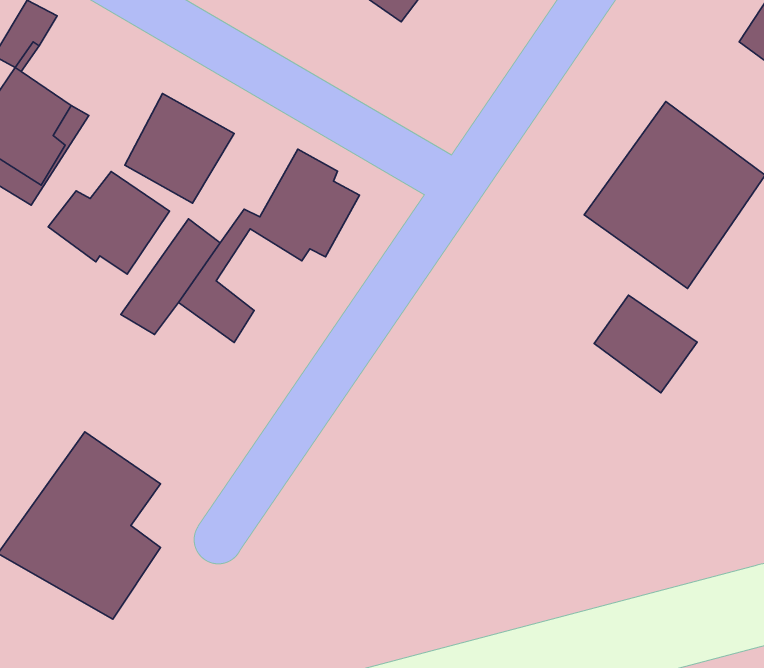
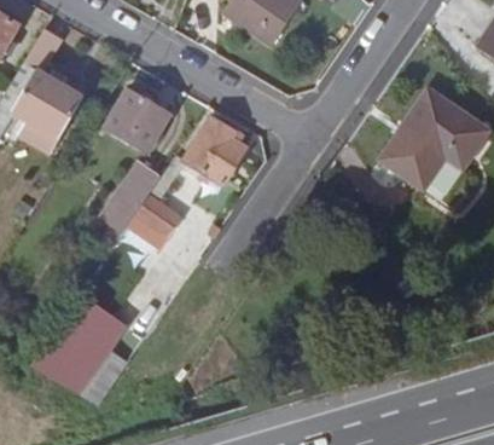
building: [48,172,169,274] -> none
building: [594,295,697,393] -> none

